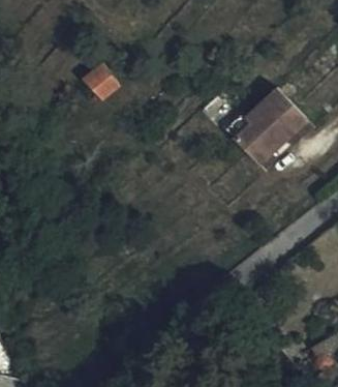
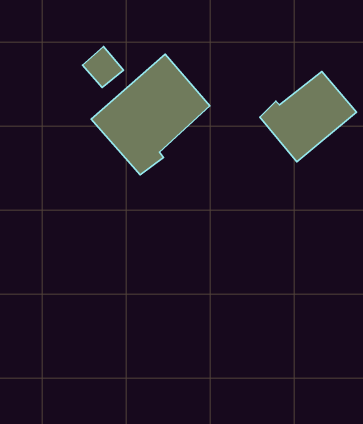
building: none -> [91,54,210,175]

